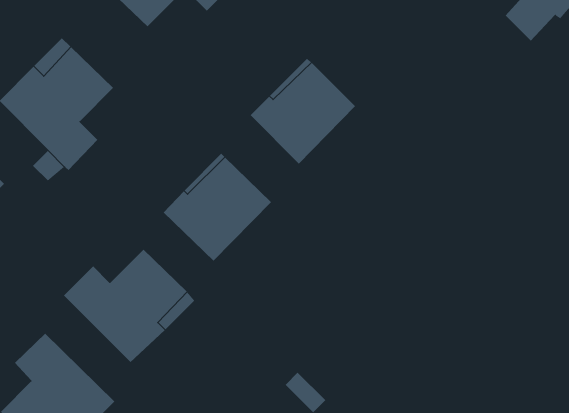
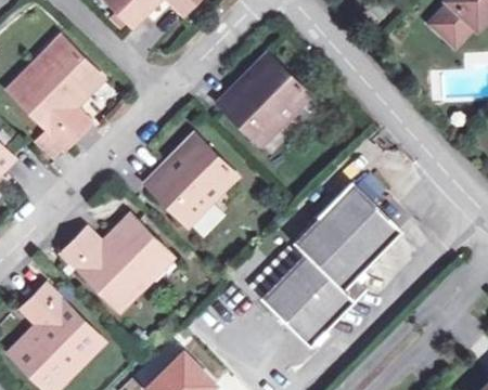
building: none -> [261,180,403,346]

